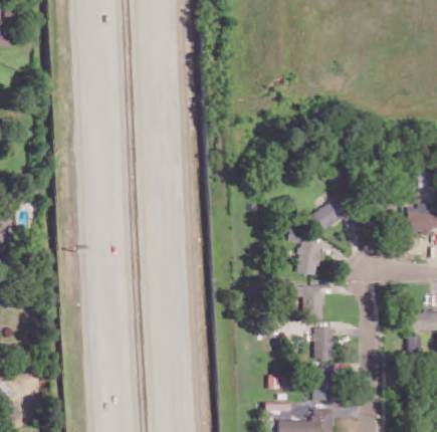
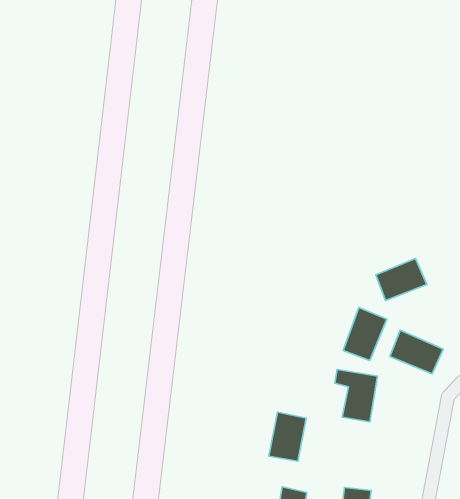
building: none -> [390,330,443,374]
building: [312,327,335,359] -> [269,412,306,461]

